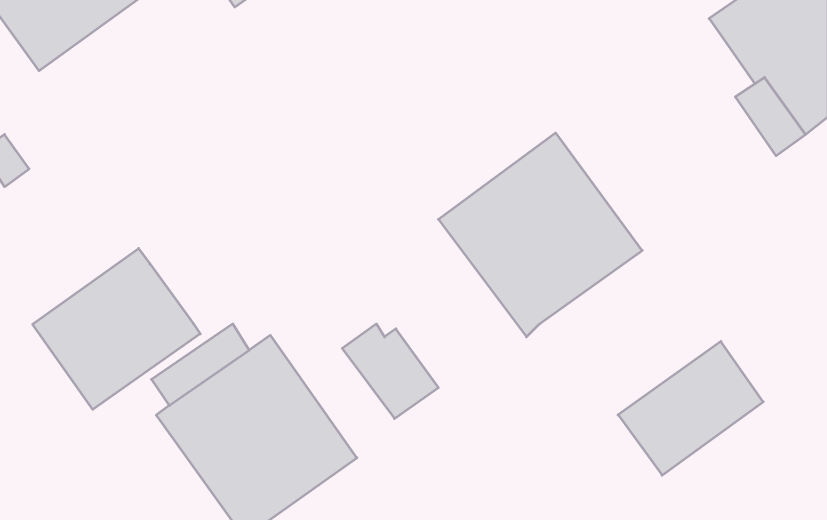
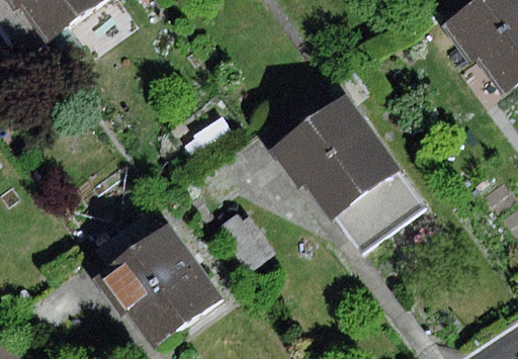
building: [33,248,200,409] -> none
building: [618,341,763,475] -> [336,168,426,251]

